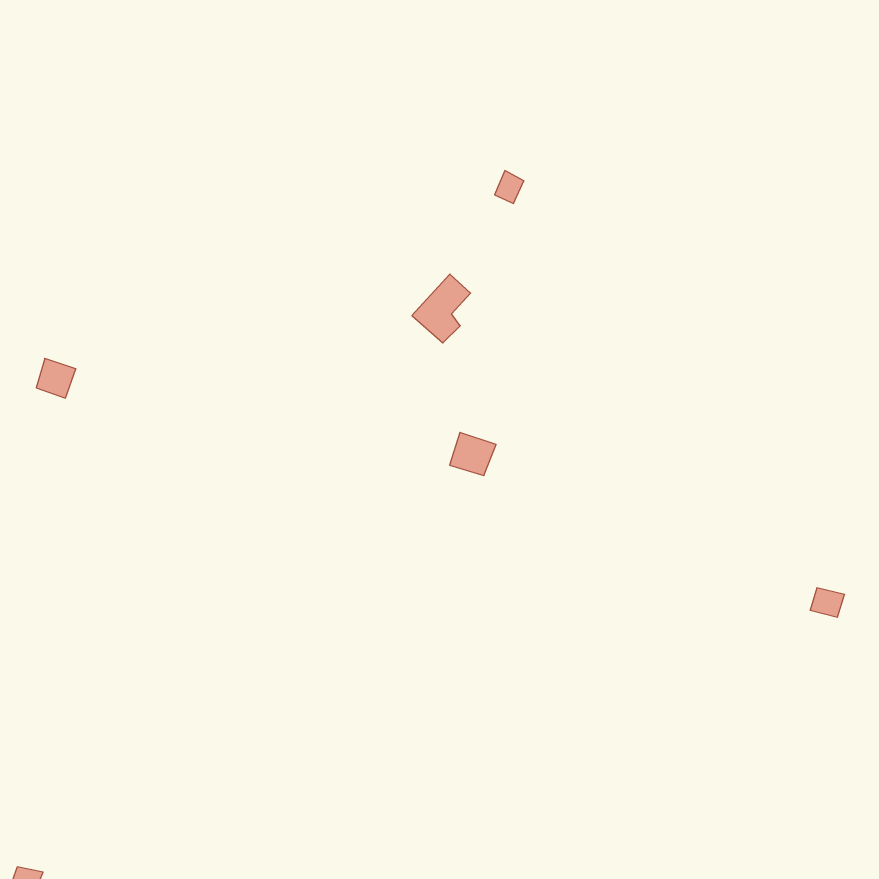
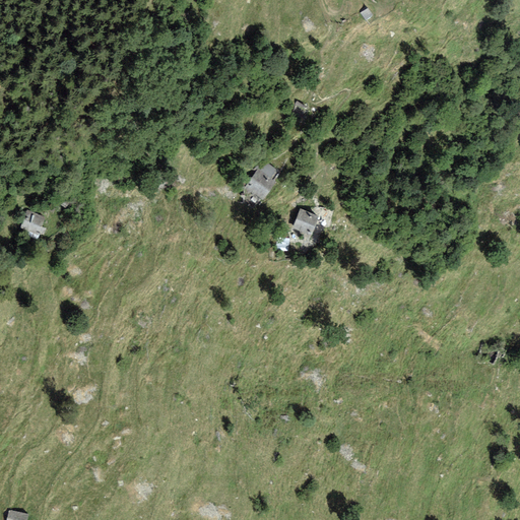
building: [450,432,496,476] -> [294,207,321,233]

